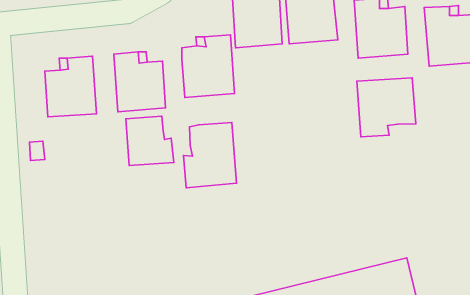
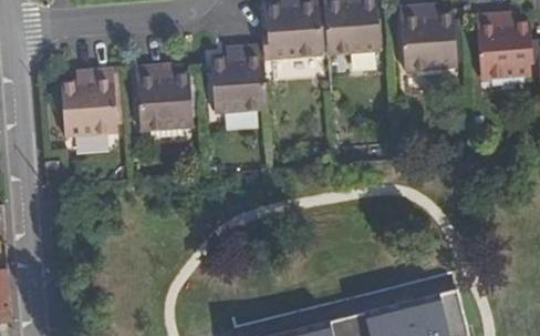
building: [357,78,416,137] -> none
building: [126,116,174,165] -> none
building: [184,122,236,188] -> none

